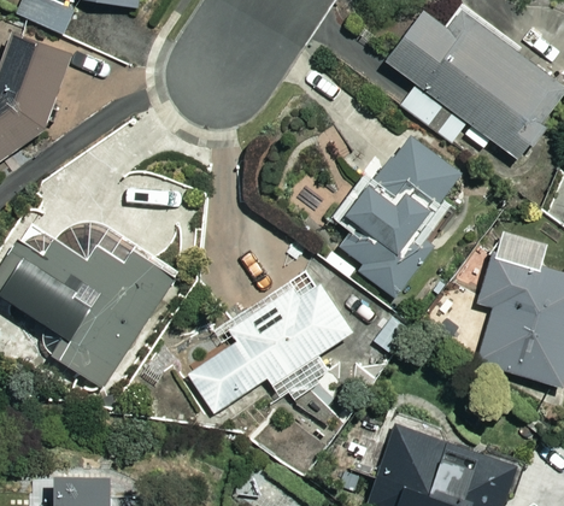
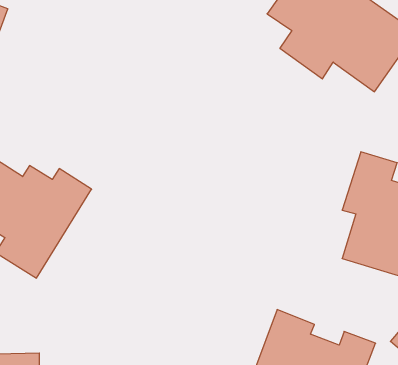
building: [336,136,460,296] -> none
building: [188,278,351,426] -> none

